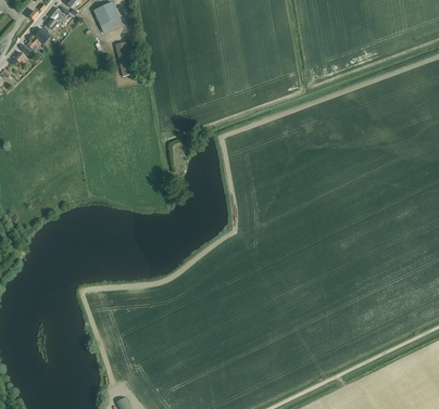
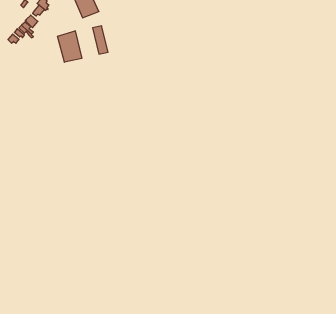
building: none -> [58,31,82,62]

